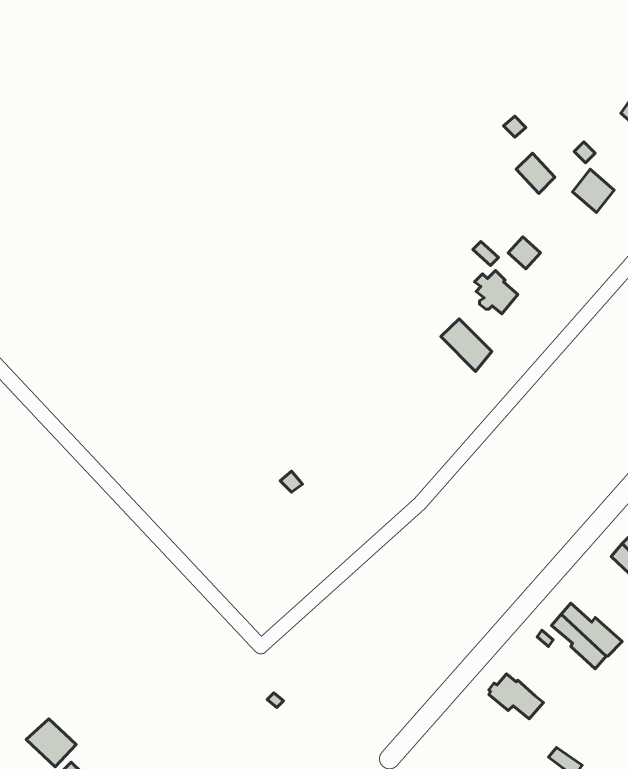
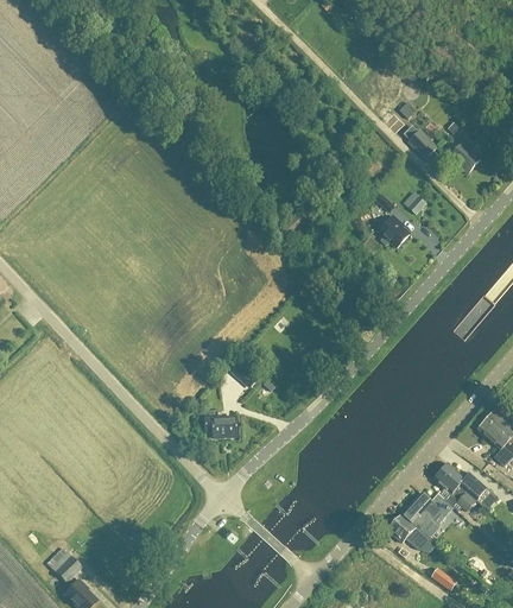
building: [441,319,492,371] -> none
building: none -> [205,417,239,438]
building: none -> [404,492,454,531]

